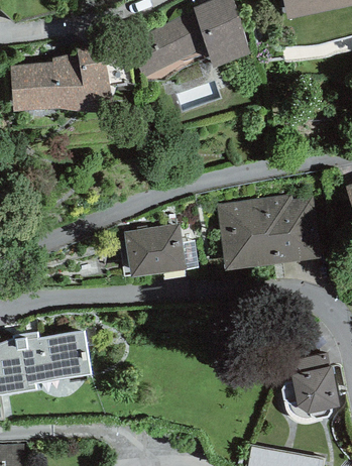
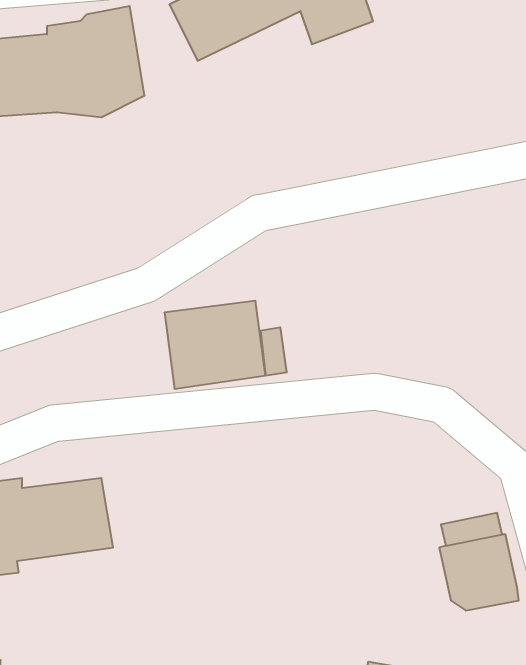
building: [217,195,322,270] -> none

